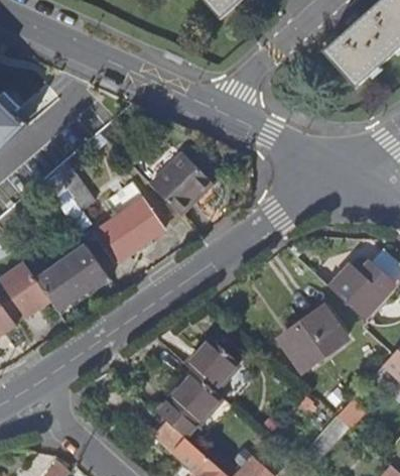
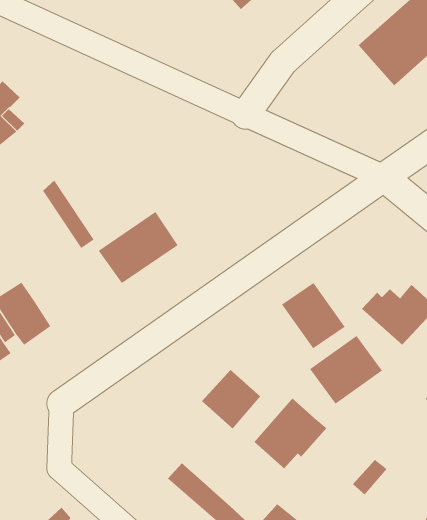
building: [150,151,212,214] -> none
building: [37,245,107,308] -> none
building: none -> [281,282,346,349]
building: [158,373,224,437] -> [253,397,327,469]

